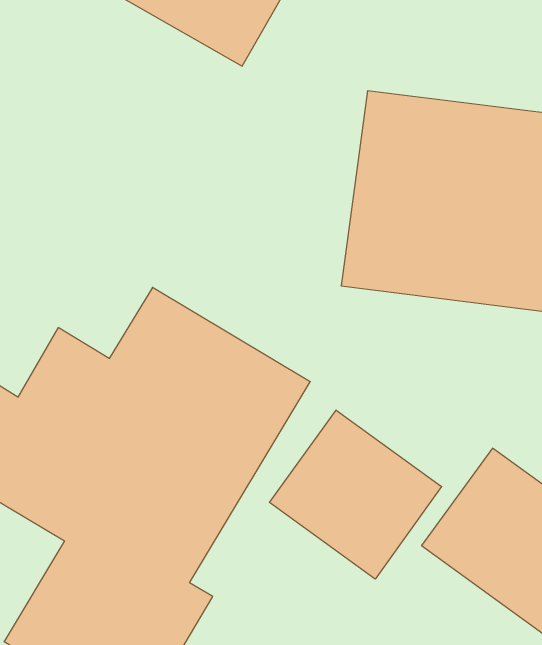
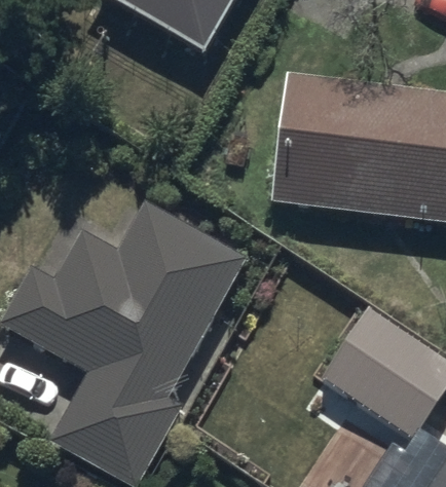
building: [270,410,442,579] -> none

